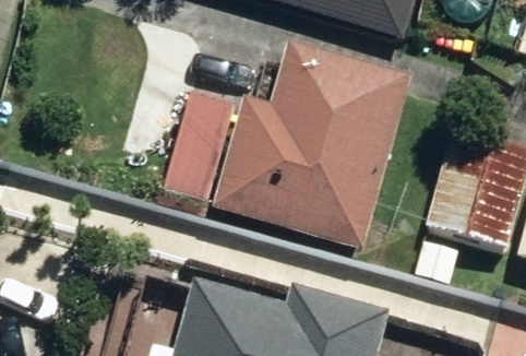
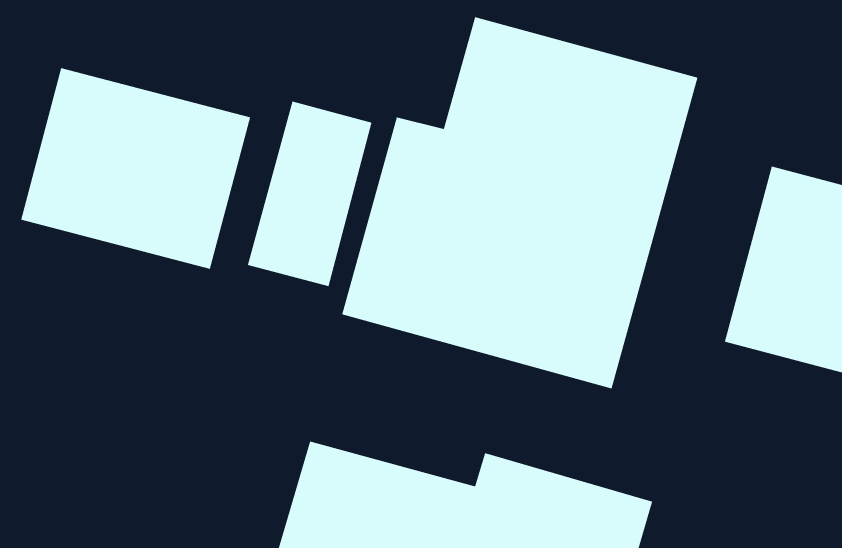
building: none -> [20,67,251,270]

